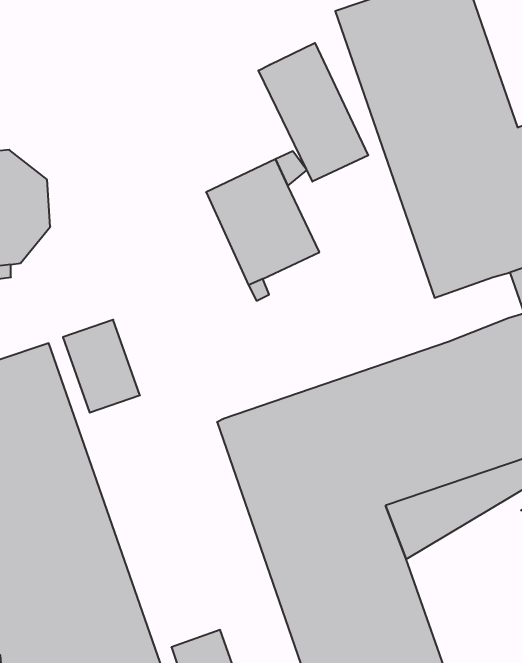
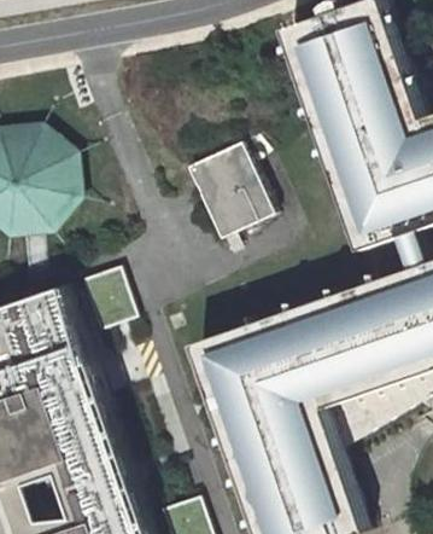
building: [258,43,368,182] -> none

